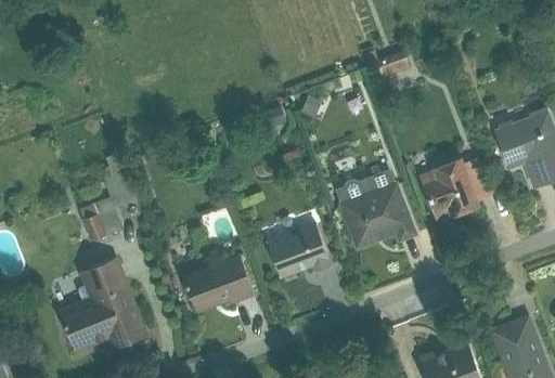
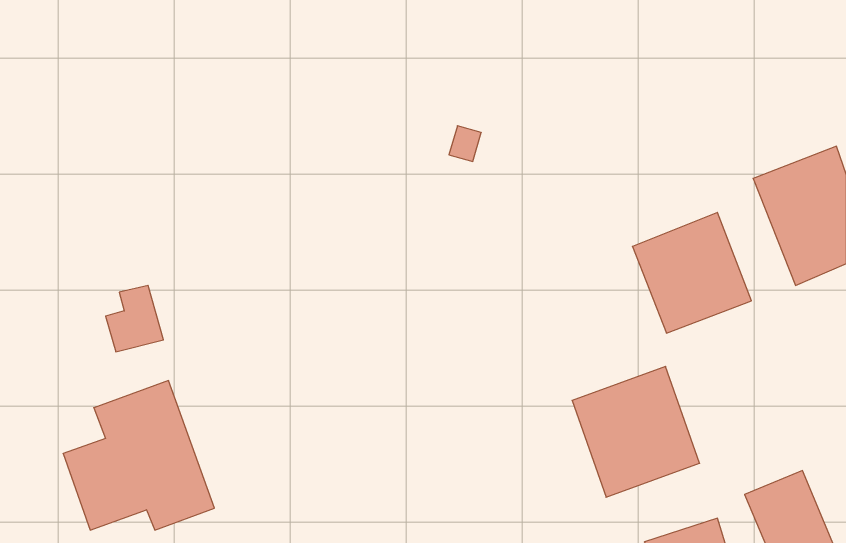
building: [378,54,408,79] -> none
building: [334,168,415,251] -> [572,366,700,497]
building: [264,211,330,278] -> none
building: [182,251,254,314] -> none

